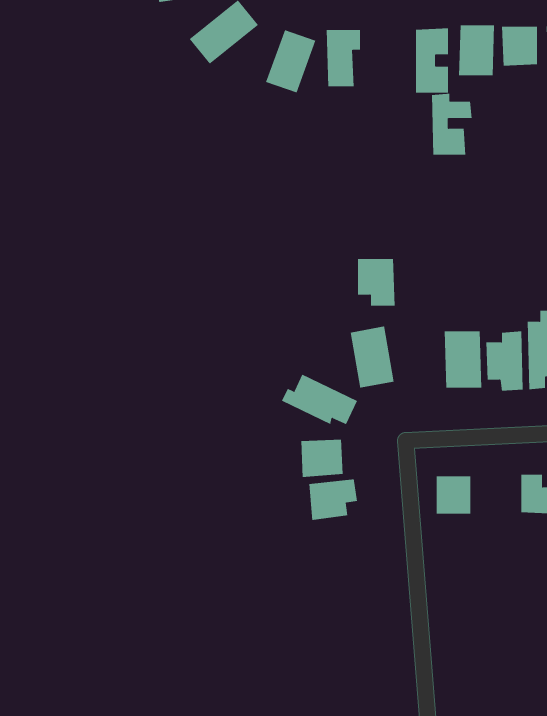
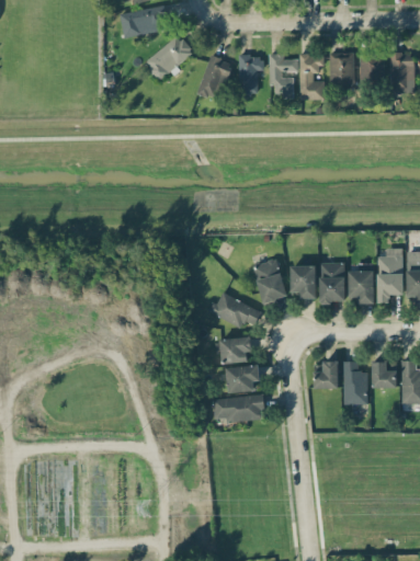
building: [431,93,472,155] -> [270,54,298,96]
building: [357,258,396,306] -> [291,266,317,299]
building: none -> [343,362,367,404]
building: none -> [212,394,264,423]

